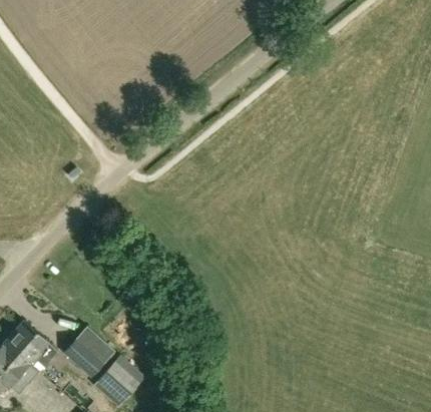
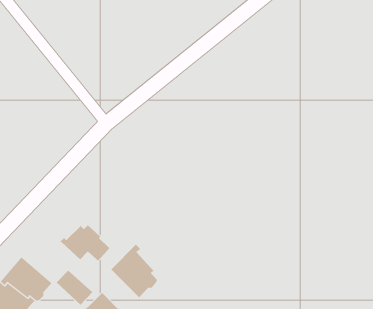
building: none -> [60,224,110,261]
building: none -> [110,244,157,298]

